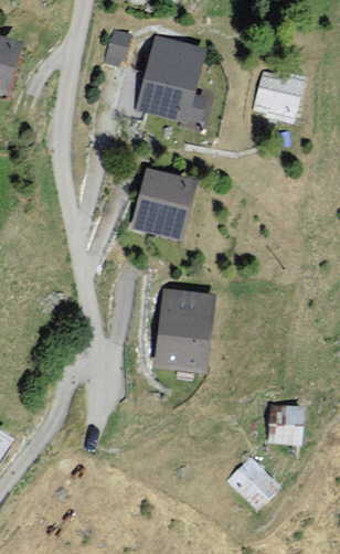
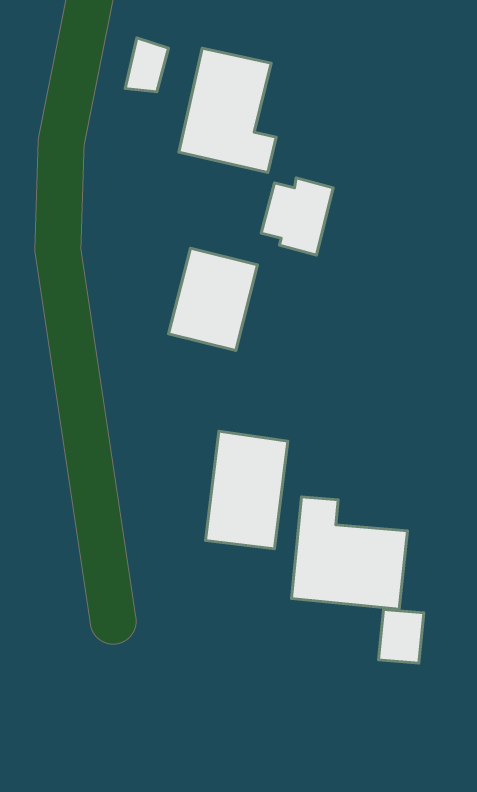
building: [254,71,301,121] -> [261,178,333,255]
building: none -> [291,497,408,609]
building: [230,461,276,507] -> none

